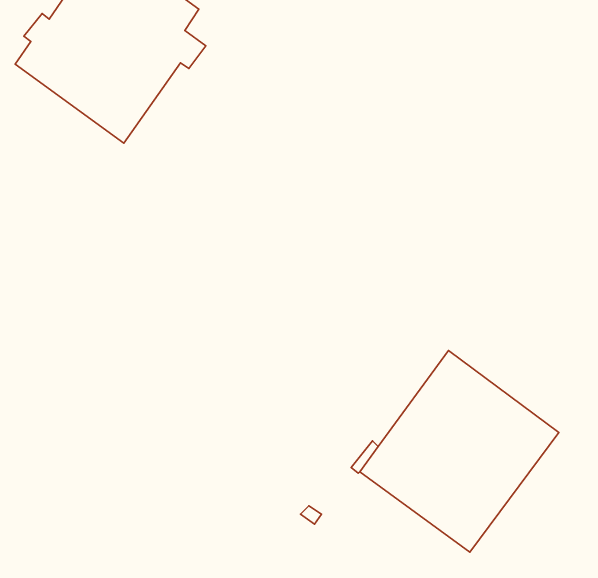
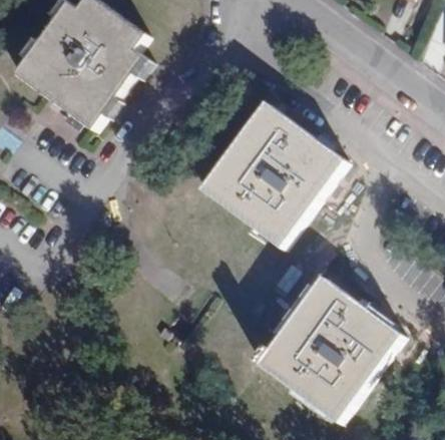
building: none -> [201,102,344,247]

